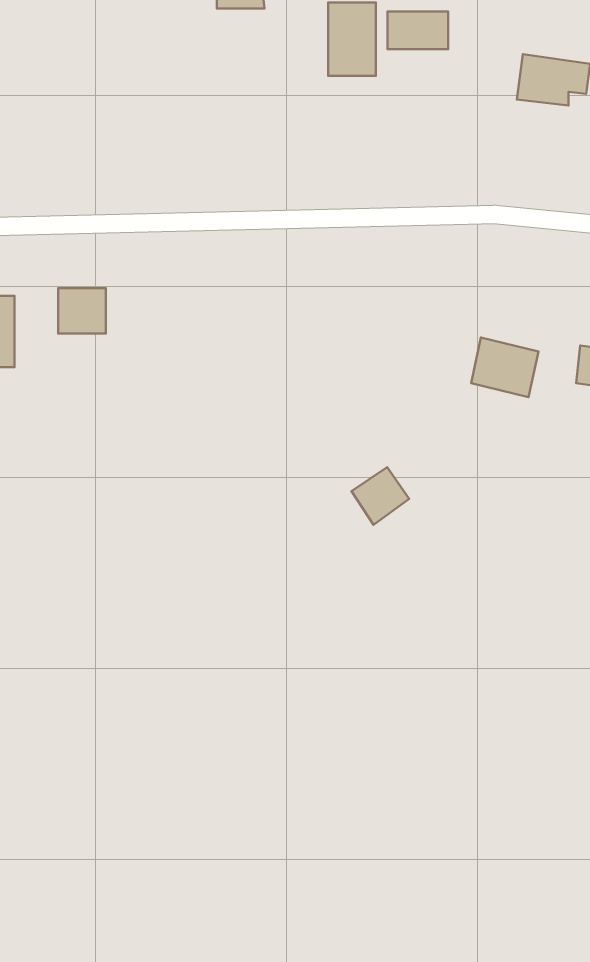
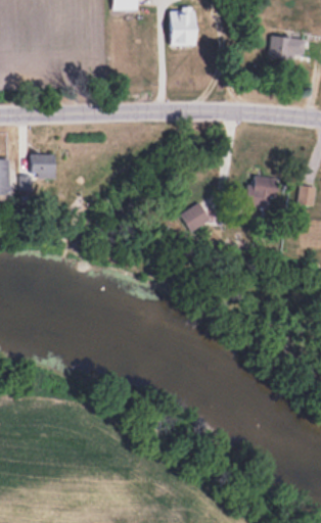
building: [387,12,448,49] -> none
building: [352,467,409,525] -> [180,202,210,232]

